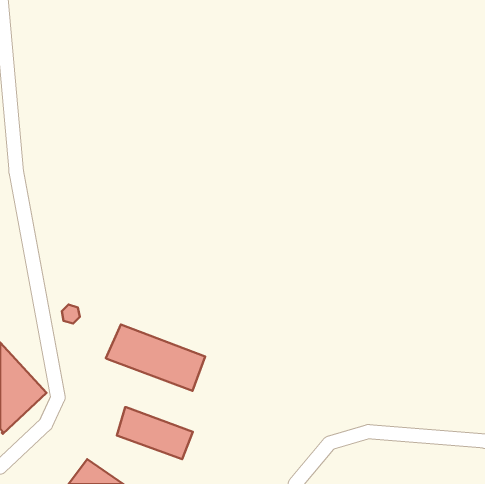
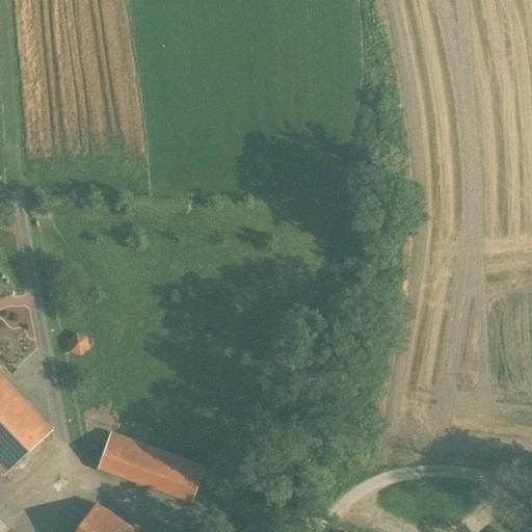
building: [106,324,205,391] -> none
building: none -> [98,434,138,477]

